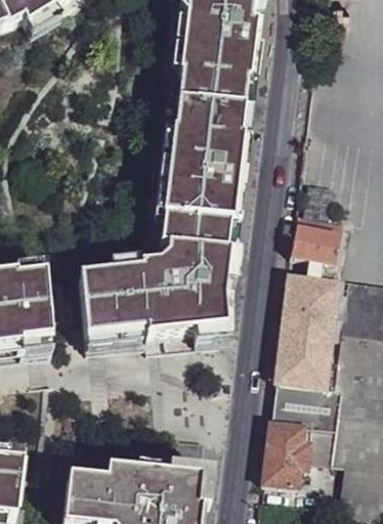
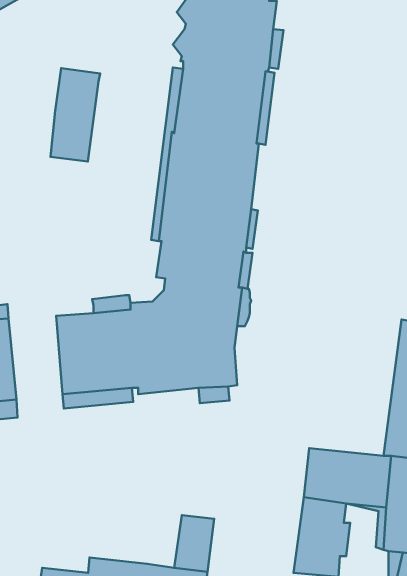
building: none -> [51,68,100,162]
building: [294,211,352,264] -> none
building: [279,275,352,389] -> none

